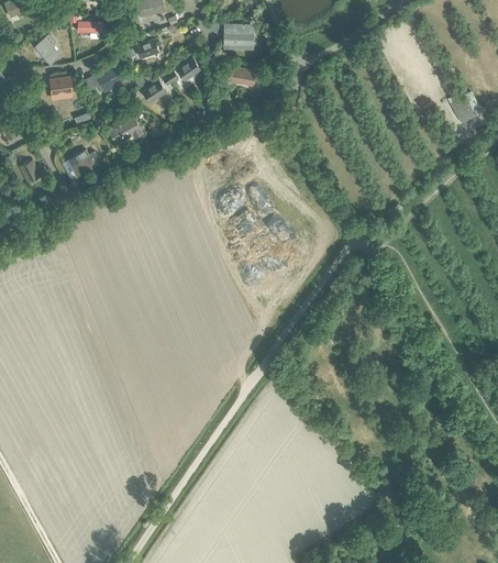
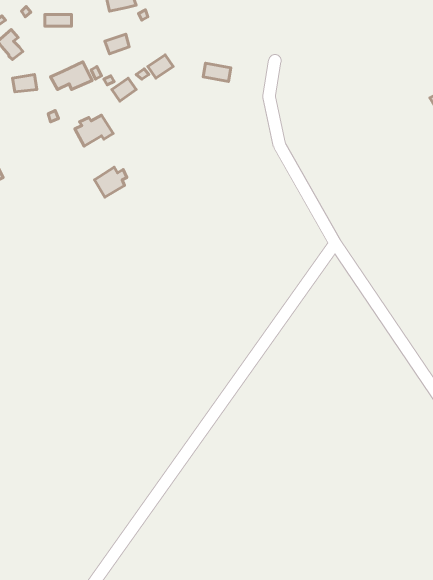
building: [223,24,248,47] -> none
building: [67,150,98,178] -> [94,167,127,197]

